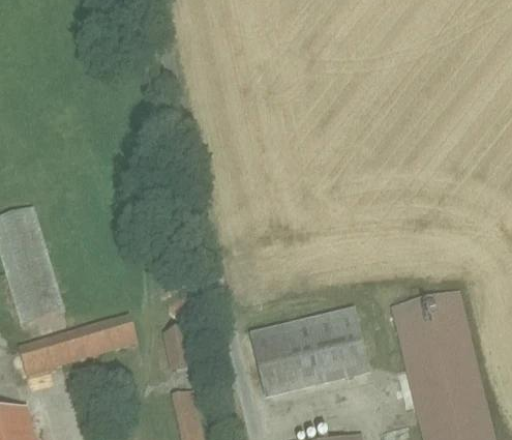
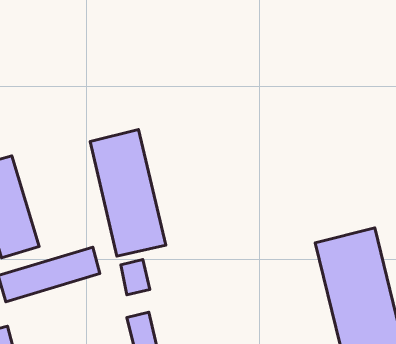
building: none -> [90,130,166,256]
building: [248,309,368,400] -> none

